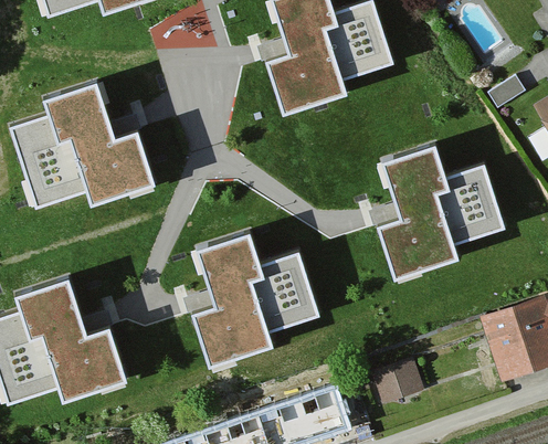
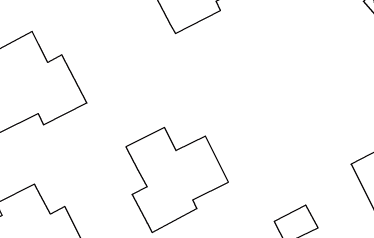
building: [380,145,507,277] -> none

